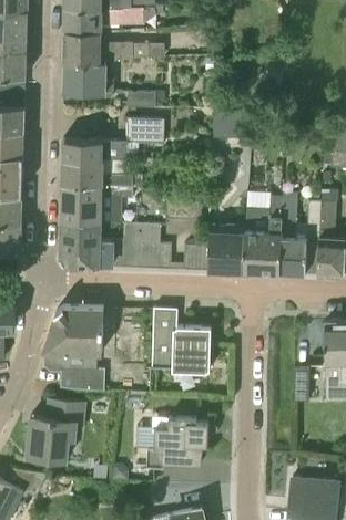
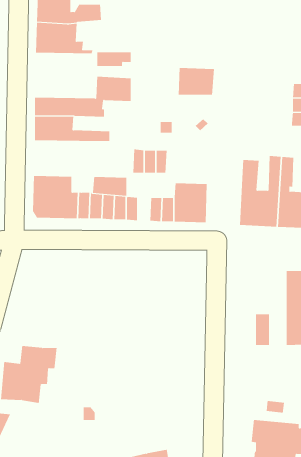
building: [61,185,133,223] -> none
building: [243,196,281,273] -> none
building: [42,306,105,392] -> none
building: [152,308,211,371] -> none
building: [154,418,208,462] -> none

